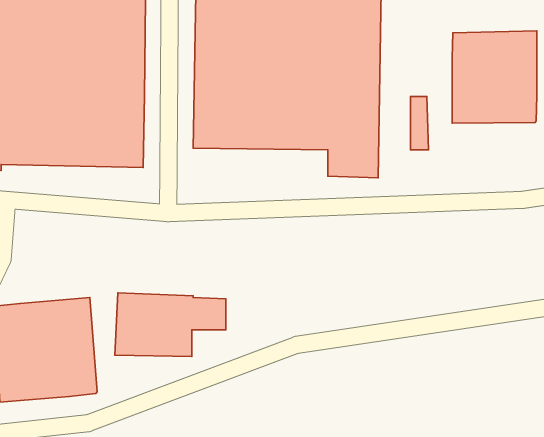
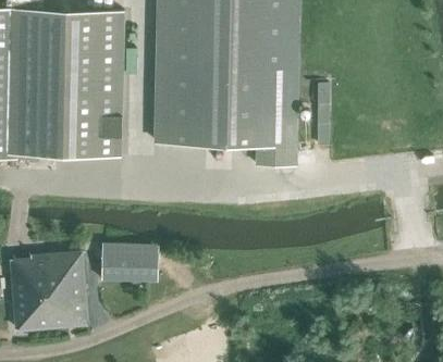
building: [452,31,537,123] -> none

